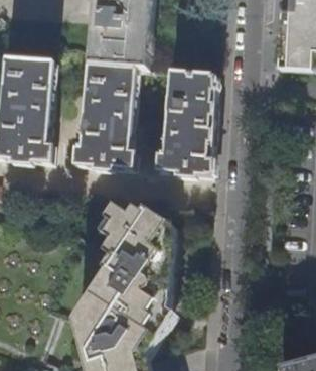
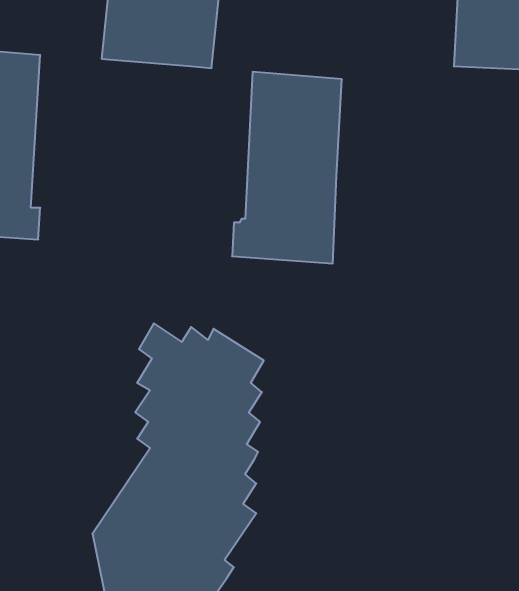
building: [73,61,135,166] -> none

